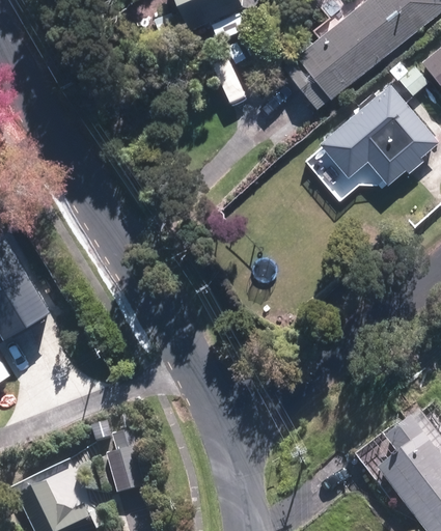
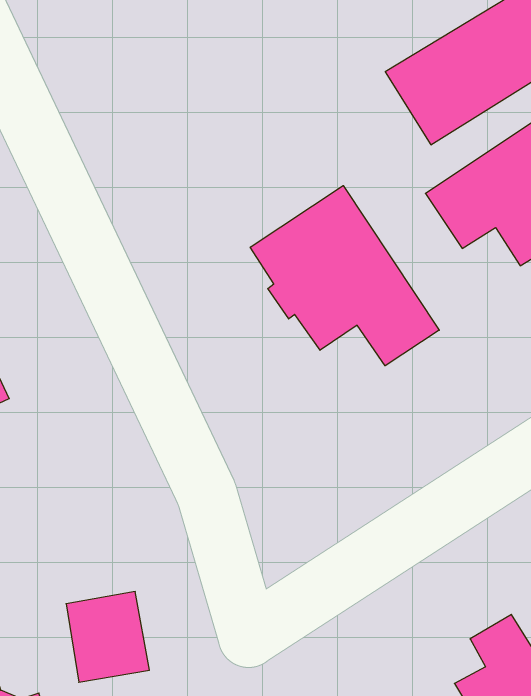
building: none -> [250,186,439,366]

